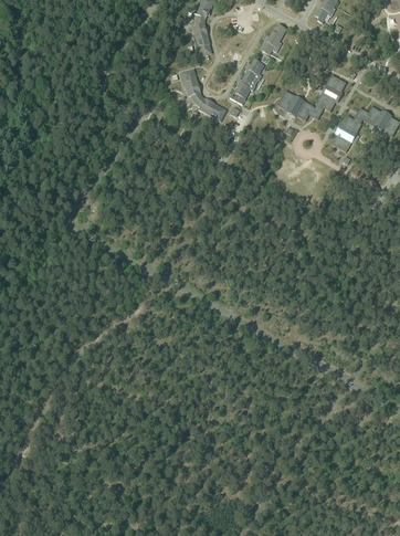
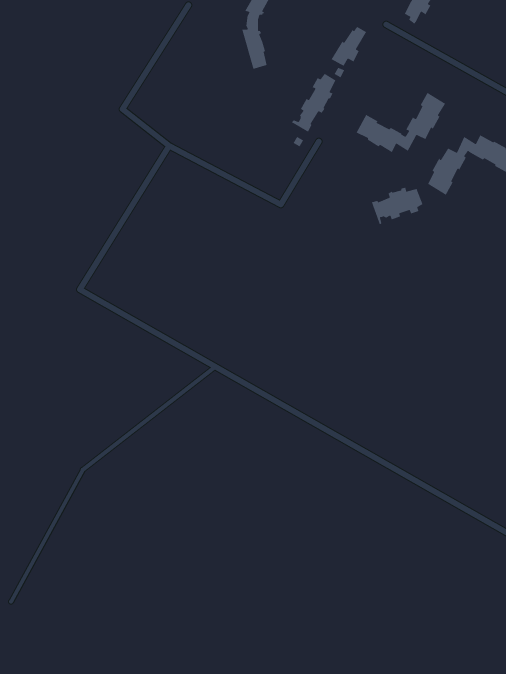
building: [182,70,225,120] -> none
building: none -> [371,187,424,226]

